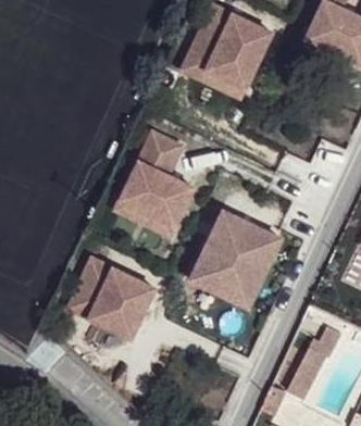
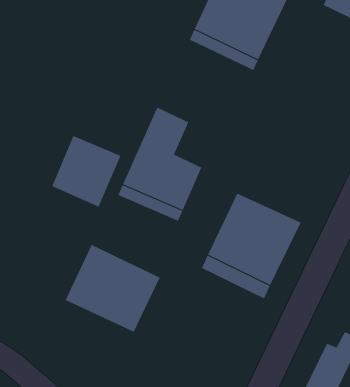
building: none -> [52,135,121,208]

